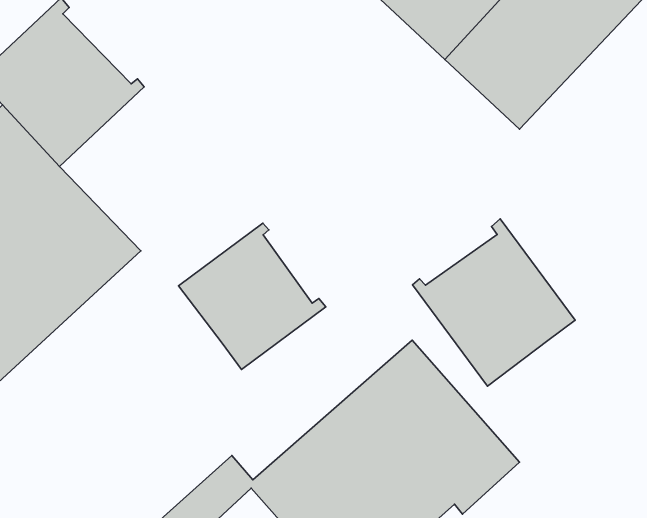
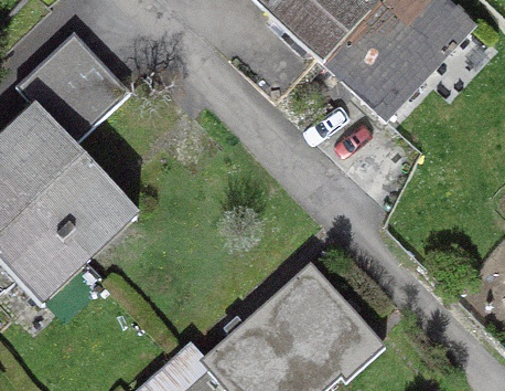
building: [413,219,575,386] -> none
building: [178,223,326,369] -> none

